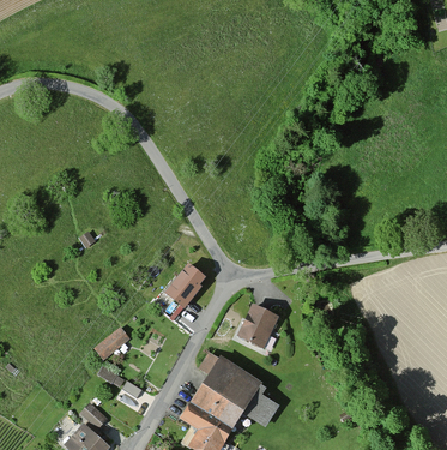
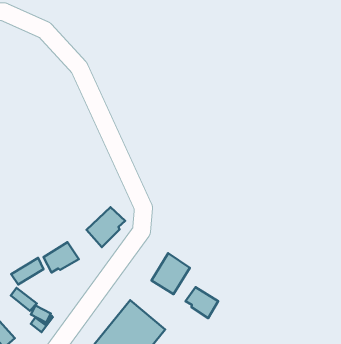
building: none -> [43,242,79,273]
building: none -> [186,287,218,318]

